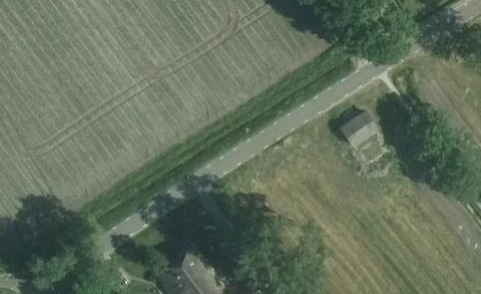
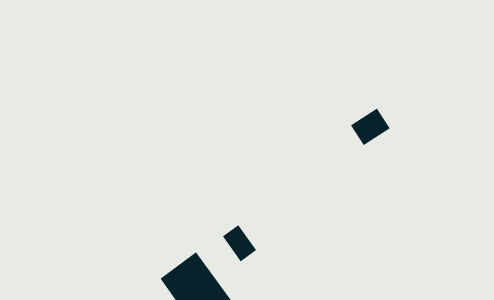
building: none -> [222,224,257,262]

